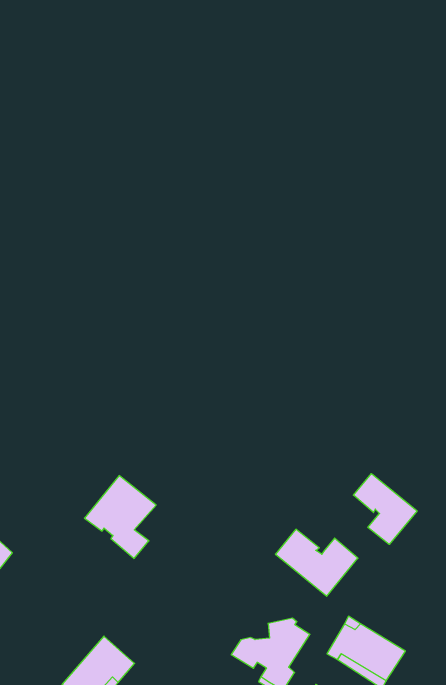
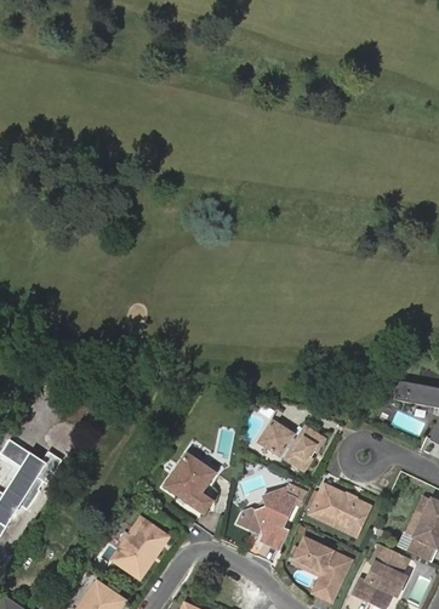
building: [353,474,417,544] -> none
building: [84,476,156,558] -> [163,454,216,516]

